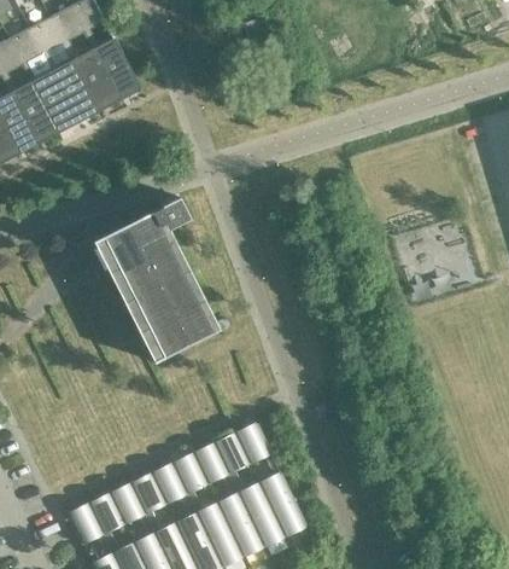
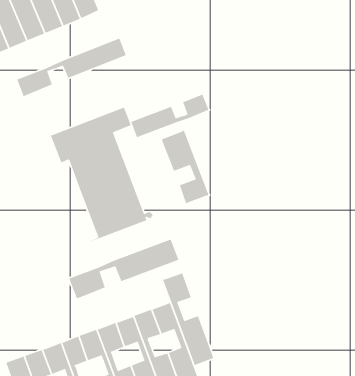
building: none -> [16,38,127,97]
building: none -> [130,93,209,138]
building: none -> [160,129,210,205]
building: none -> [68,238,179,300]
building: none -> [162,271,215,367]

